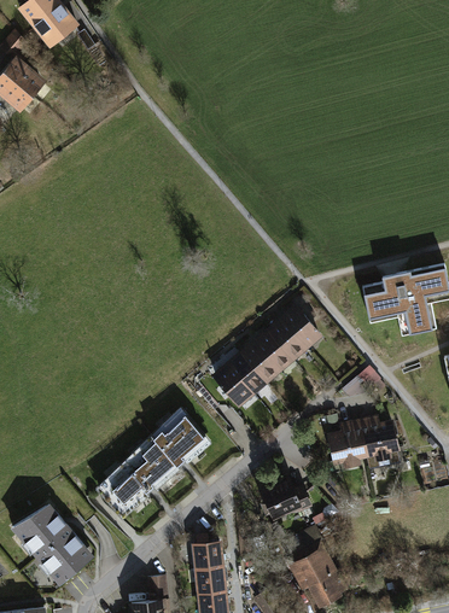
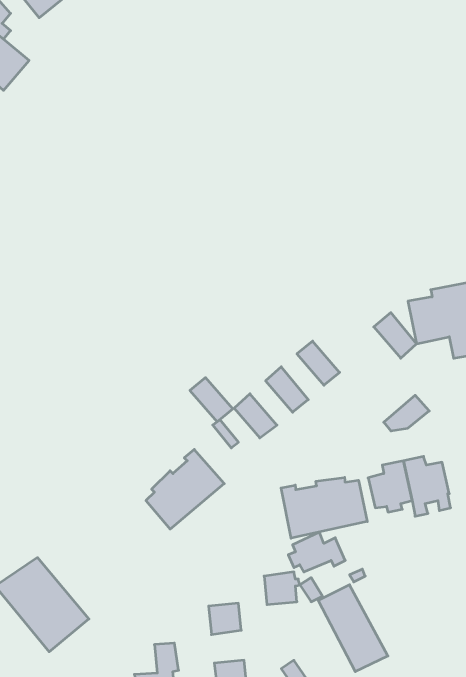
building: [281,308,317,346] -> [374,313,416,358]
building: [255,331,291,369] -> none
building: [228,354,264,391] -> [190,378,233,422]
building: none -> [281,477,367,538]
building: [99,455,161,514] -> none
building: [196,565,226,592] -> [264,572,300,605]

